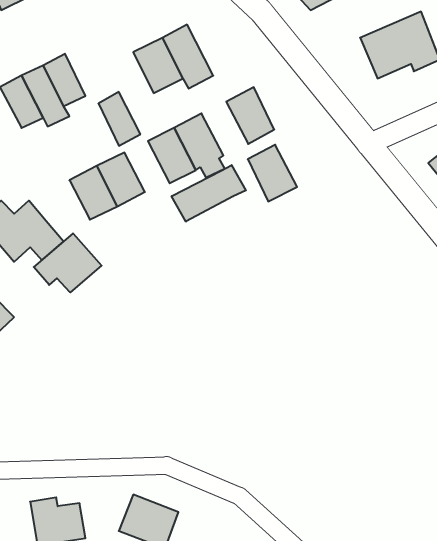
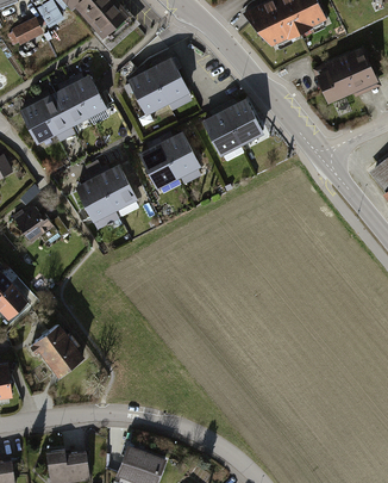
building: [98,92,140,146] -> [71,73,106,117]
building: [248,145,297,201] -> [226,98,267,144]
building: [172,165,246,222] -> none
building: [34,233,102,292] -> none
building: none -> [32,320,83,373]

